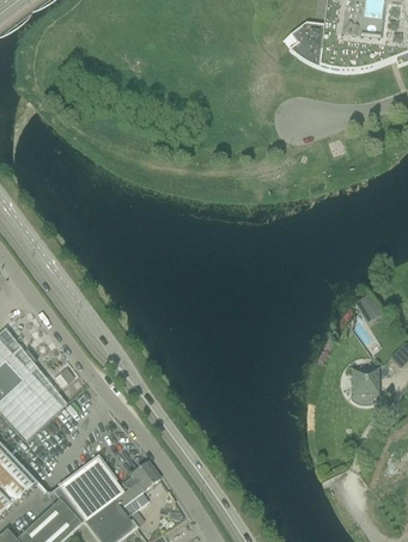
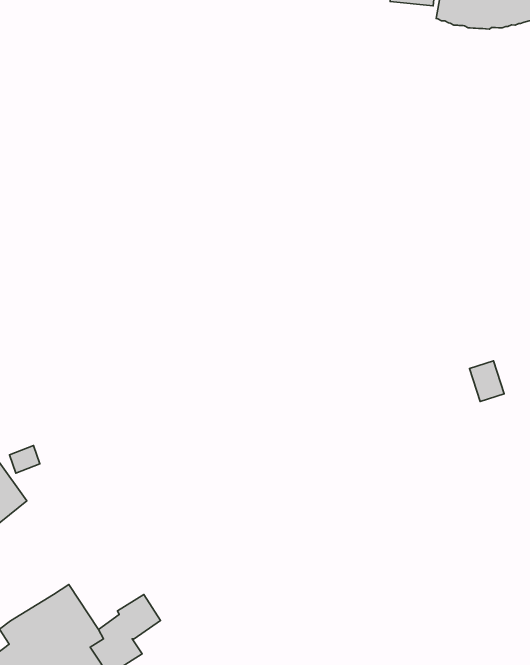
building: [353,369,377,392] -> none

